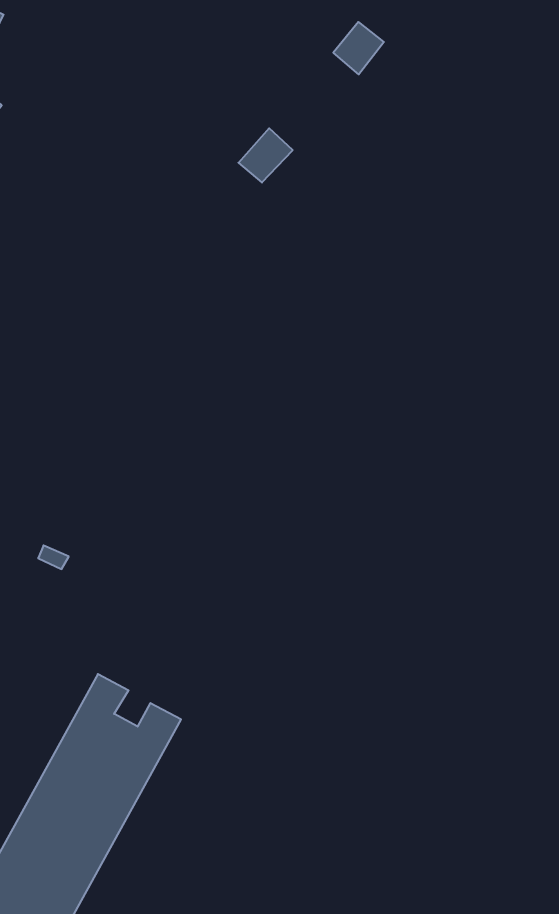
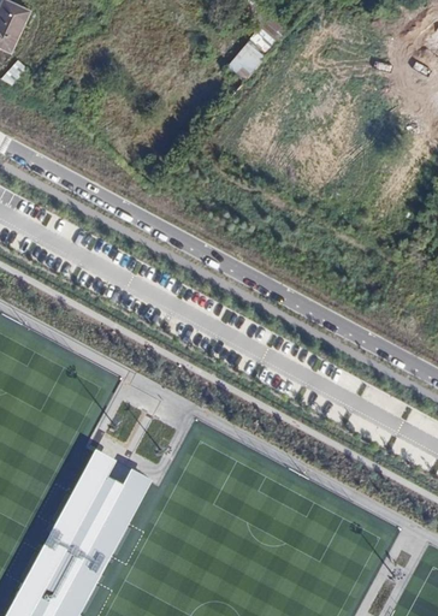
building: [238,128,293,183] -> [230,43,266,79]

